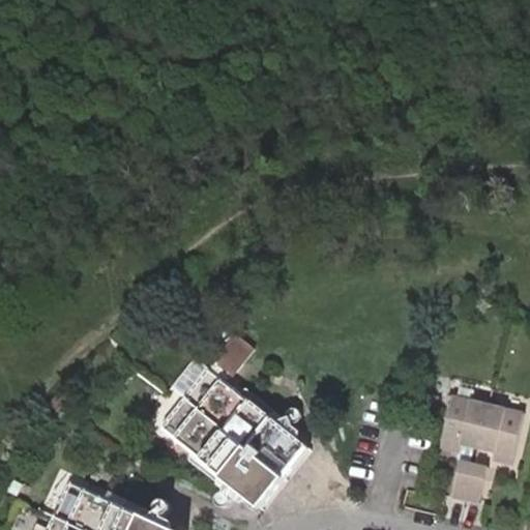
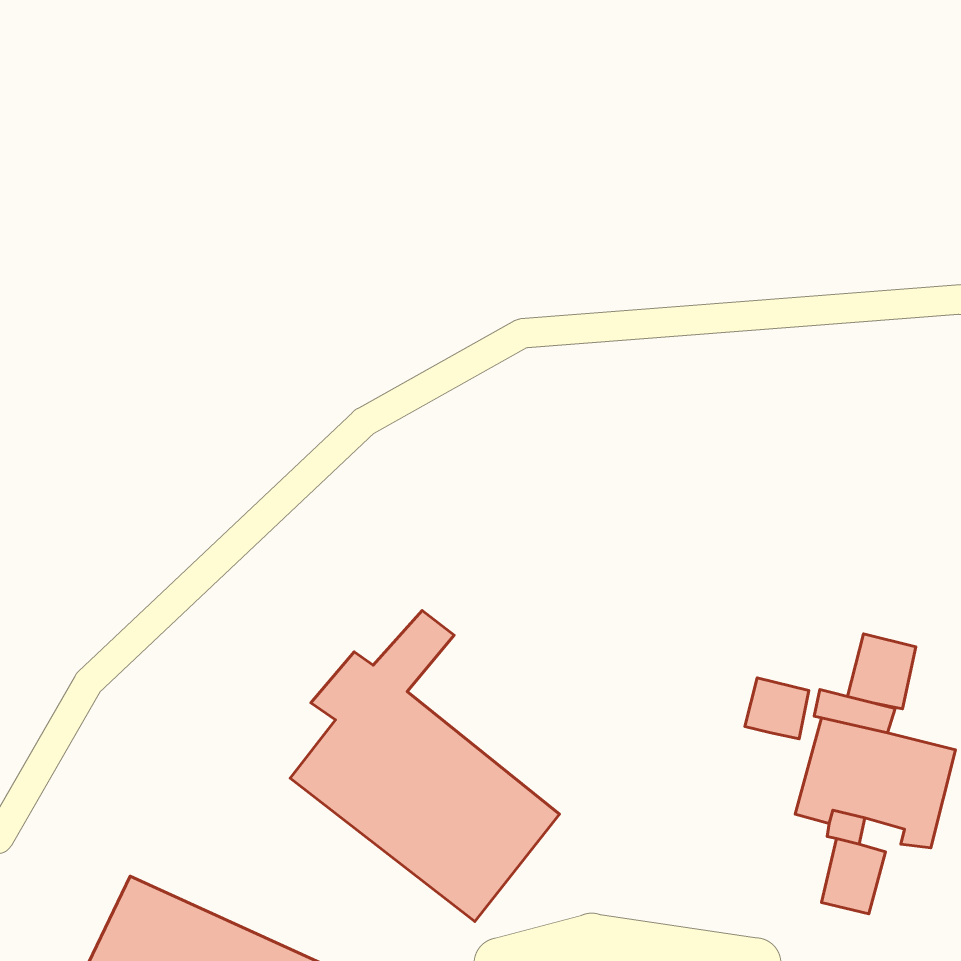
building: none -> [848,634,916,709]
building: none -> [745,678,809,739]

